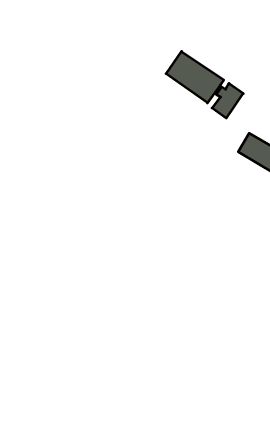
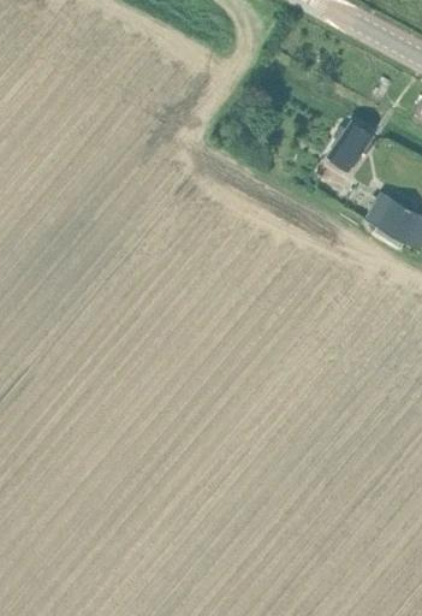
building: [166,51,224,103] -> none

